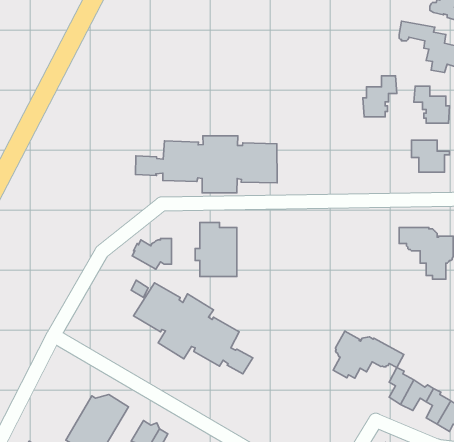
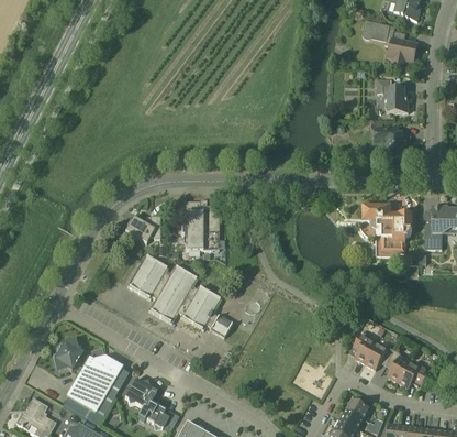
building: [363,76,397,117] -> none
building: [136,136,277,193] -> none
building: [333,331,404,378] -> none
building: none -> [53,339,81,369]

